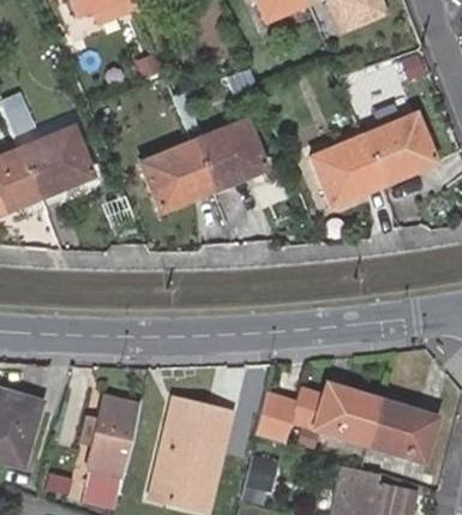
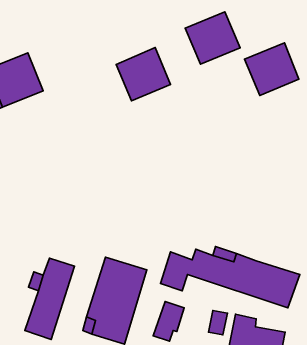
building: [312,133,385,203] -> [185,12,240,64]
building: [143,140,215,211] -> none

